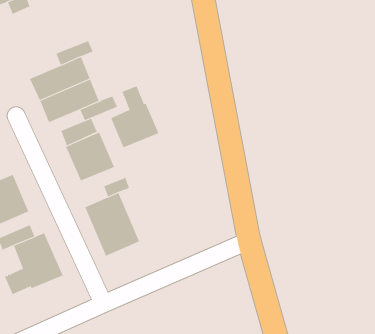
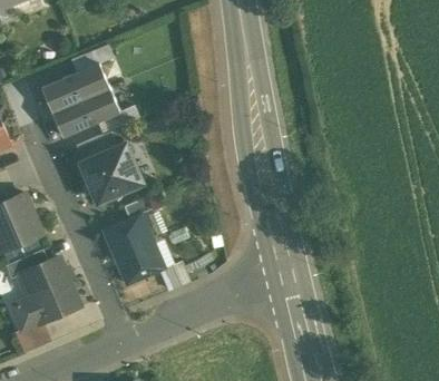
building: [110,86,159,148] -> none

